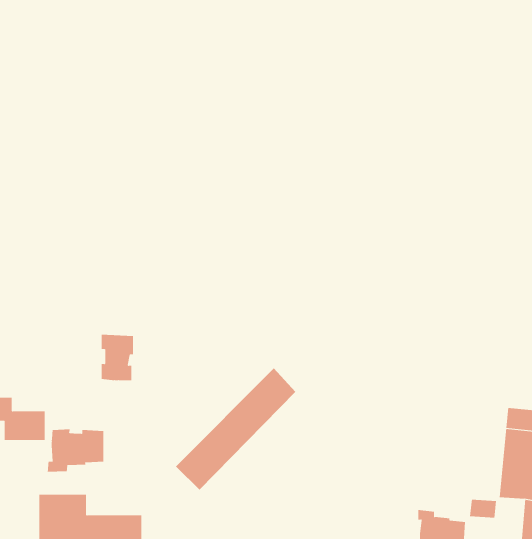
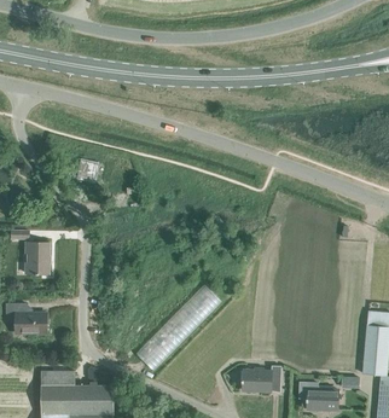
building: [101,334,134,381] -> [27,242,50,274]
building: [47,428,104,473] -> none
building: none -> [242,365,281,391]

